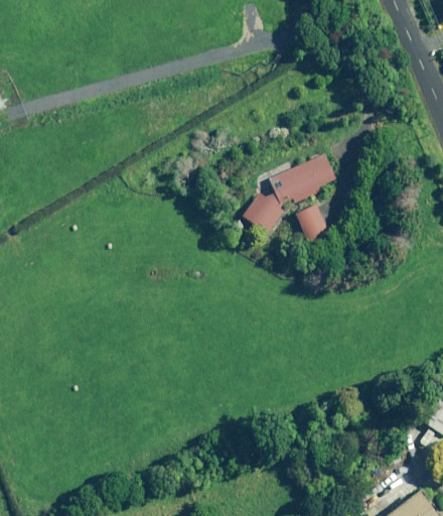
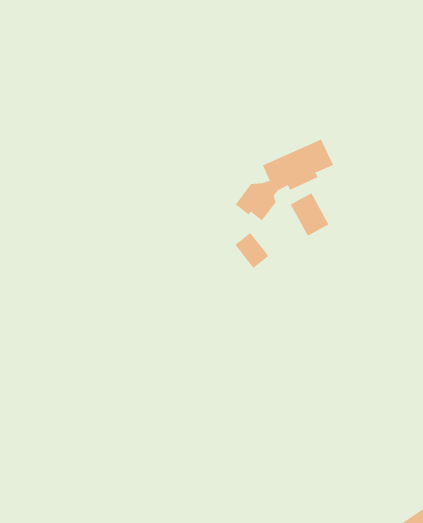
building: none -> [234,232,269,269]

